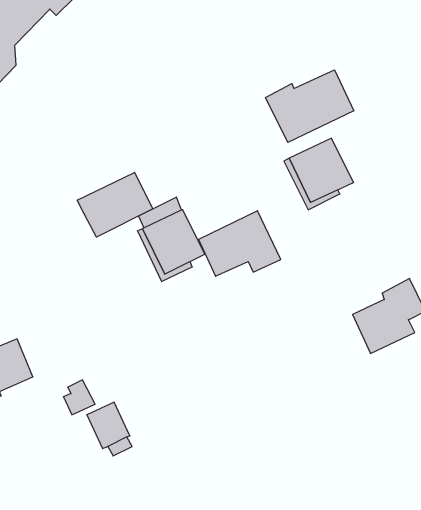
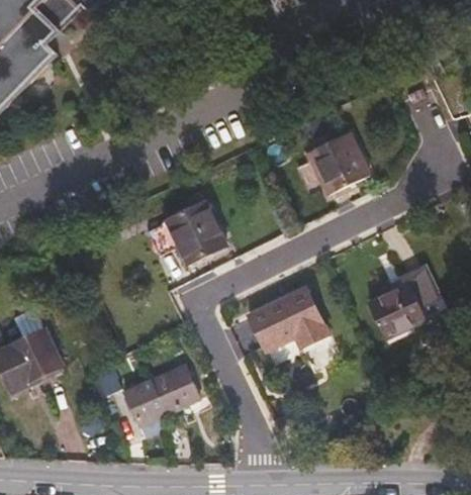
building: [266,70,354,142] -> none
building: [77,172,153,237] -> none
building: [198,211,281,276] -> [249,288,327,351]
building: none -> [139,370,189,418]

